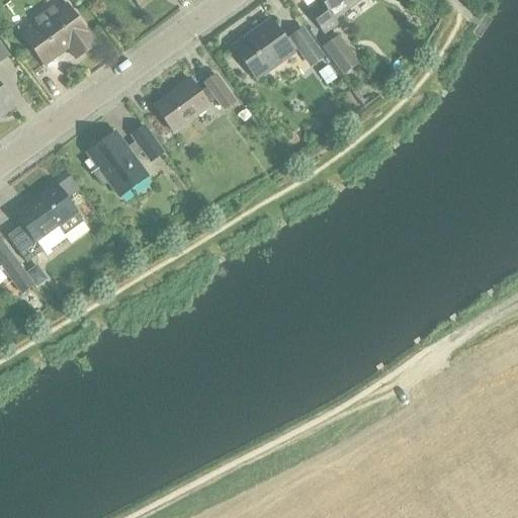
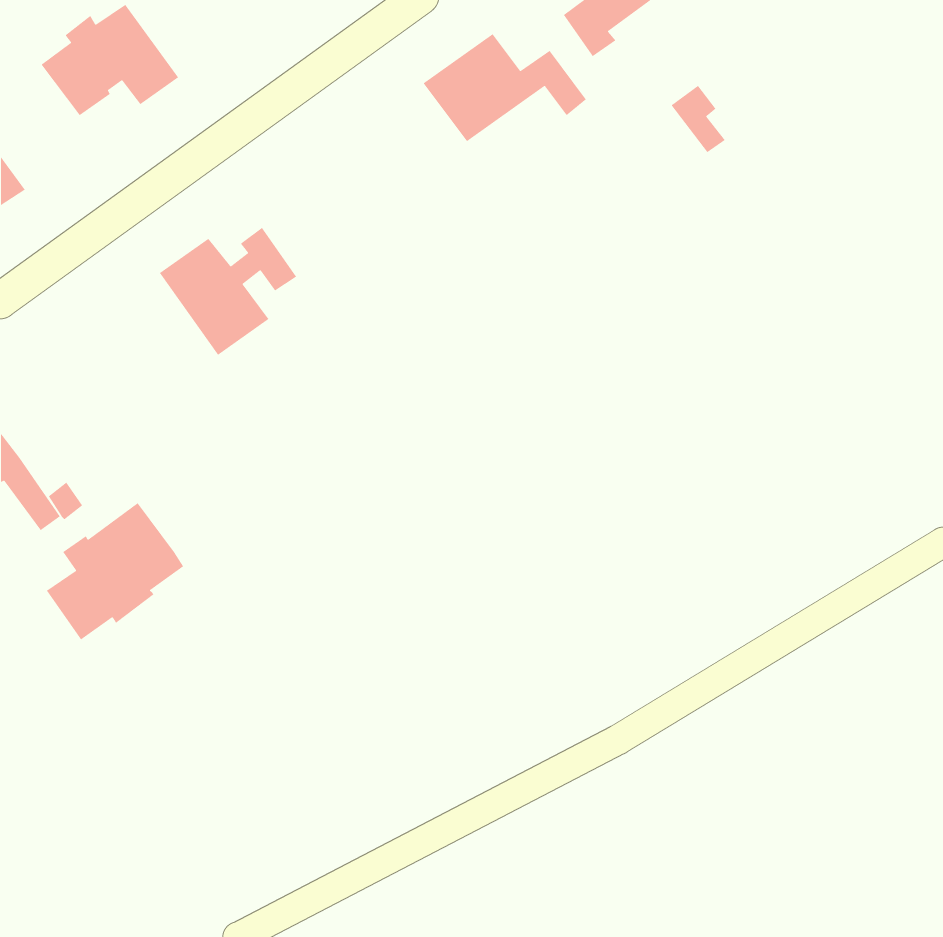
building: [322,33,352,71] -> [670,85,726,153]
building: [154,73,235,131] -> none
building: [6,184,82,260] -> [46,502,184,640]

